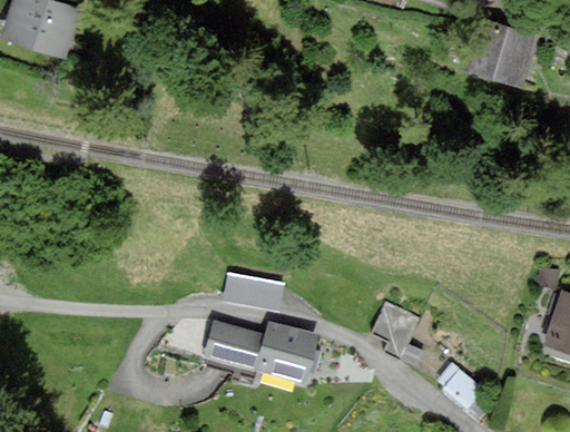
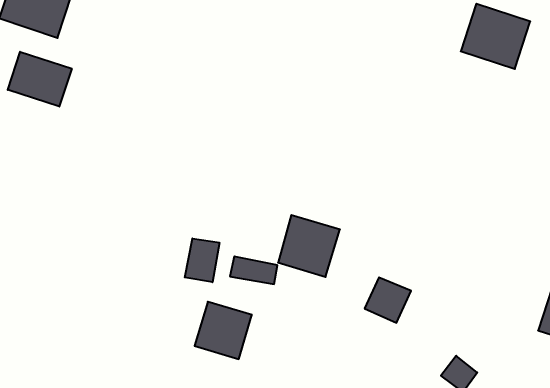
building: none -> [8,52,72,107]
building: none -> [185,238,219,282]
building: [253,321,315,383] -> [278,215,340,277]

